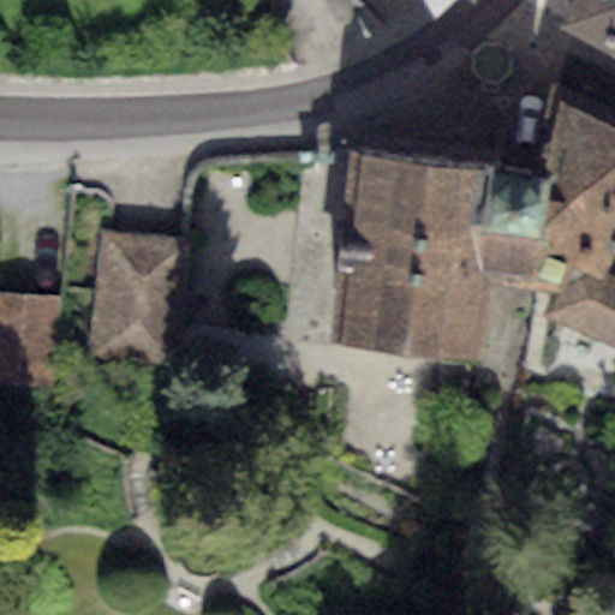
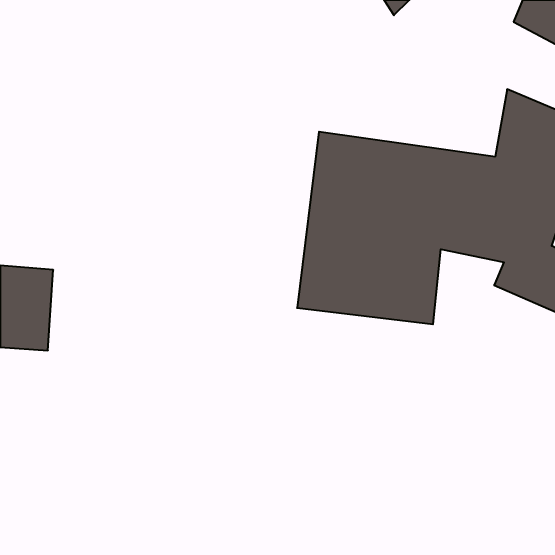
building: [91,233,187,360] -> none

